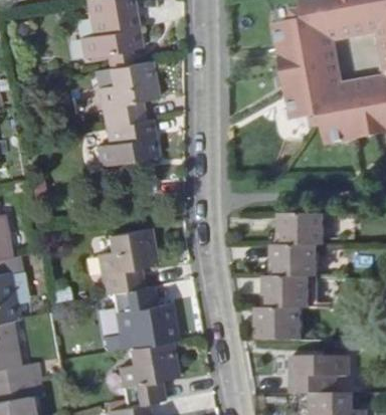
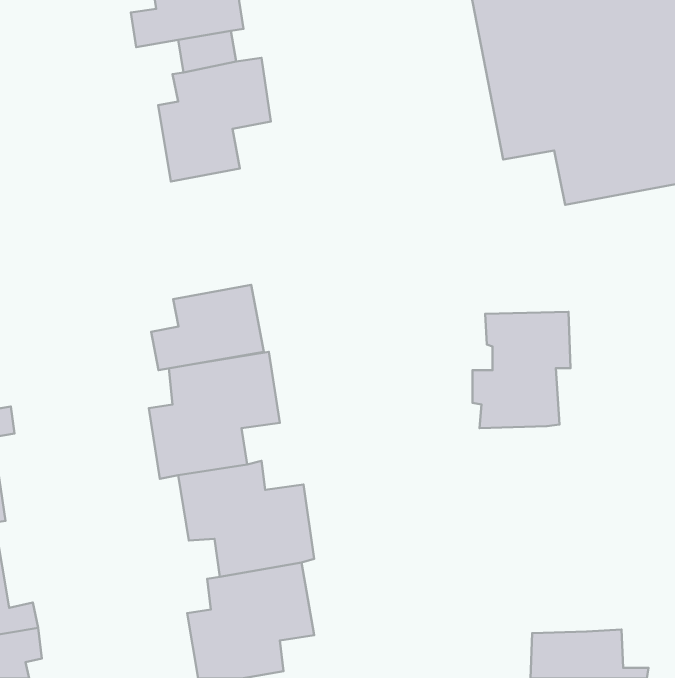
building: [91,125,154,172] -> [151,285,264,370]
building: [257,268,312,333] -> none
building: [285,345,348,383] -> none

